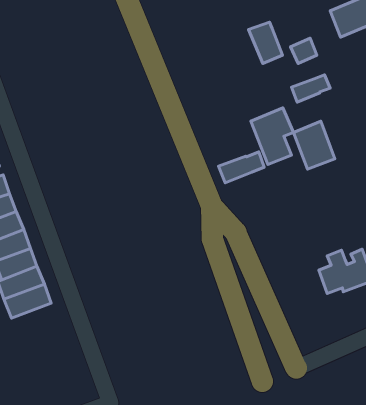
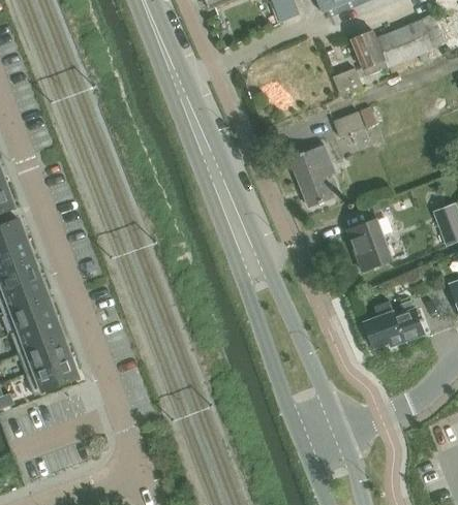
building: [249,22,283,64] -> [352,30,389,75]
building: [293,121,335,169] -> [347,217,393,270]
building: [218,152,264,183] -> none
building: none -> [28,357,79,394]

